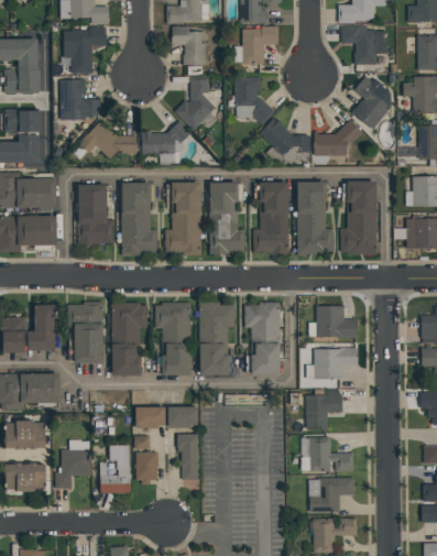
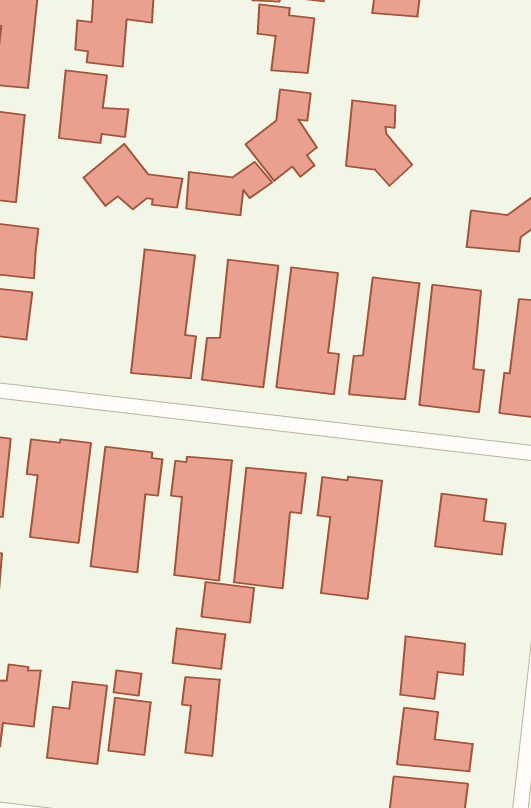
building: [242,26,278,64] -> none
building: [259,118,310,163] -> none
building: [78,184,114,244] -> none
building: [315,349,358,381] -> none
building: [136,406,166,427] -> [201,582,254,623]

